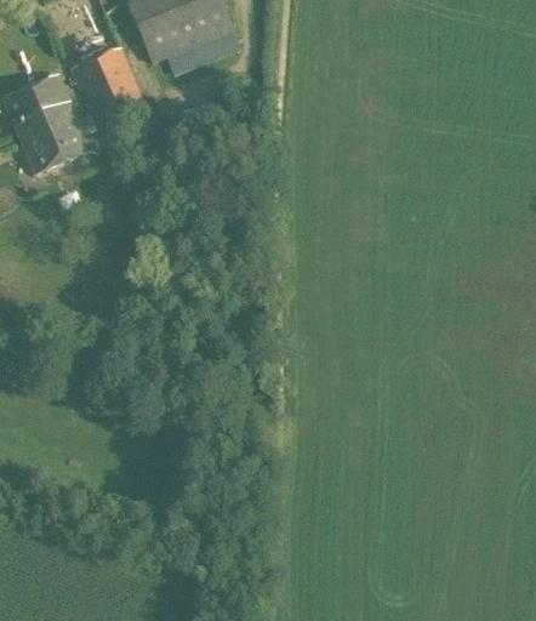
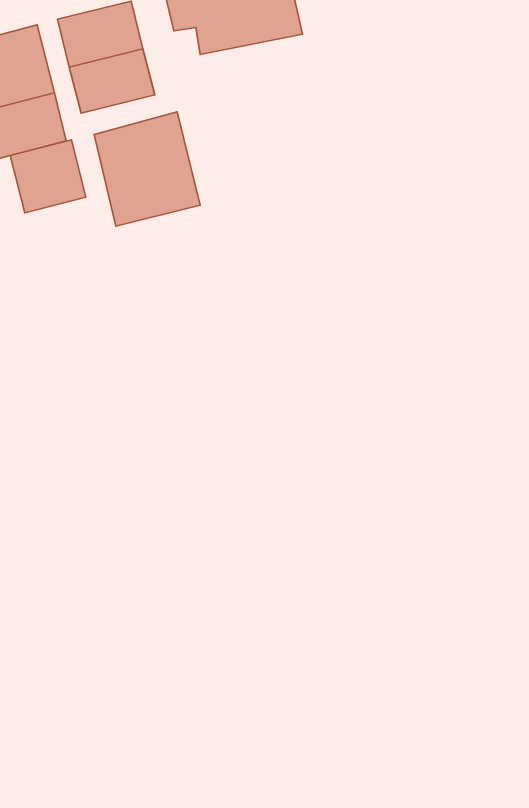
building: none -> [94,112,200,226]
building: none -> [10,140,86,213]

